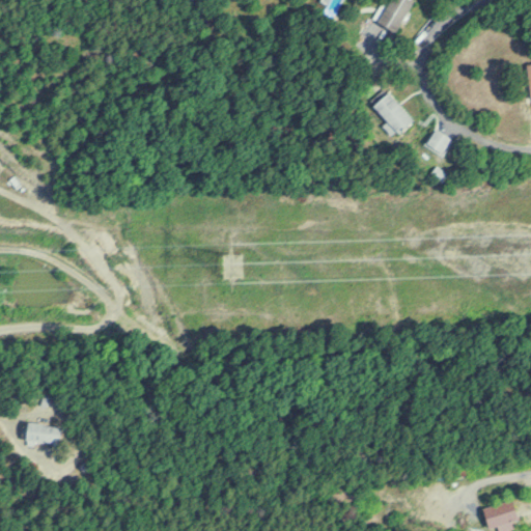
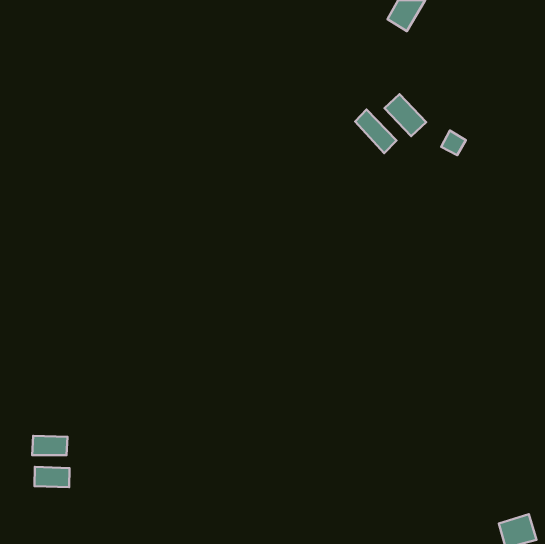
building: none -> [355,109,396,153]
building: none -> [35,467,70,487]

